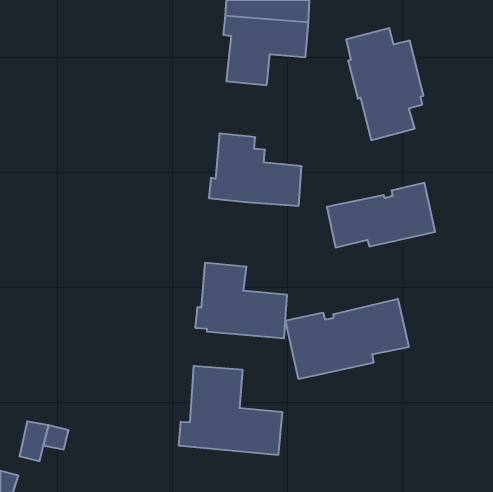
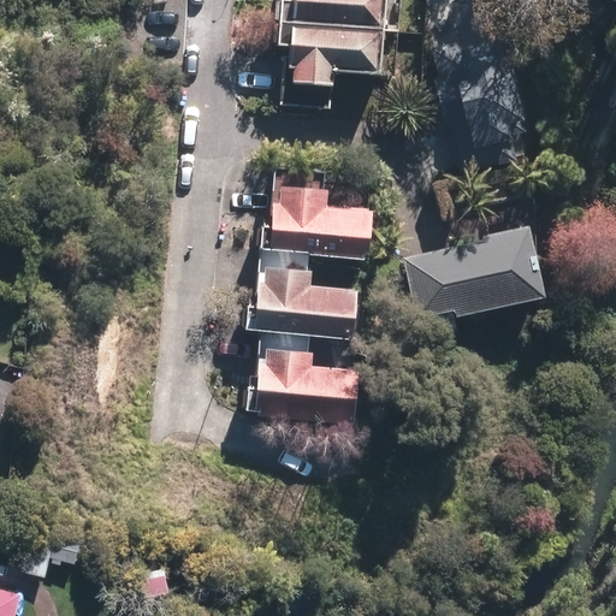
building: none -> [247,251,361,338]
building: [285,299,409,379] -> none
building: [179,366,282,455] -> none

